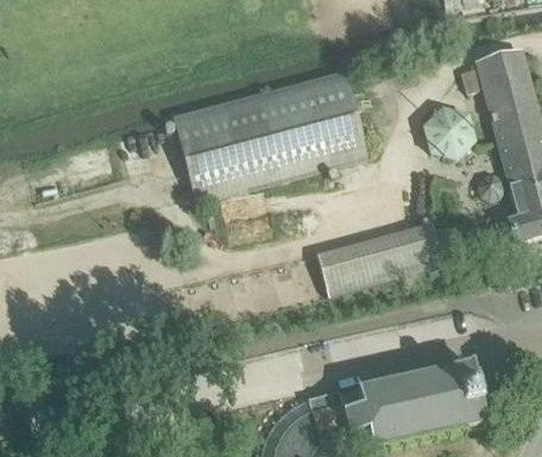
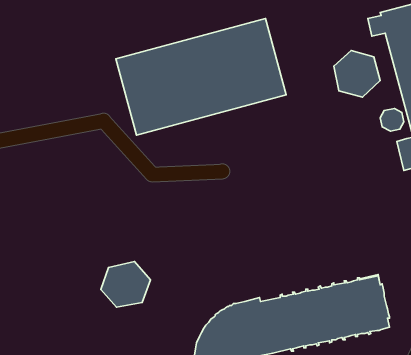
building: [319,223,448,298] -> none
building: none -> [101,261,151,307]

